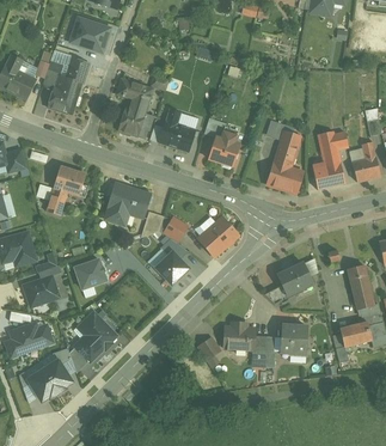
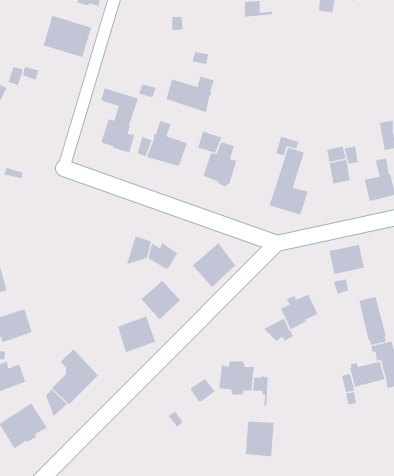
building: [47,57,88,114] -> none
building: none -> [165,76,215,113]
building: [312,161,344,189] -> [328,244,365,275]
building: [47,166,87,214] -> none
building: [105,183,149,224] -> none
building: [72,257,106,291] -> [117,315,156,353]
building: [278,323,305,355] -> [245,421,274,457]

